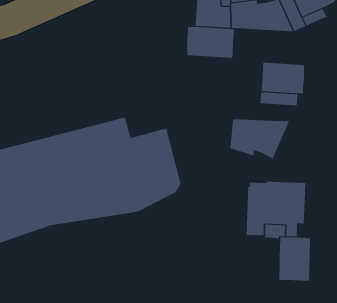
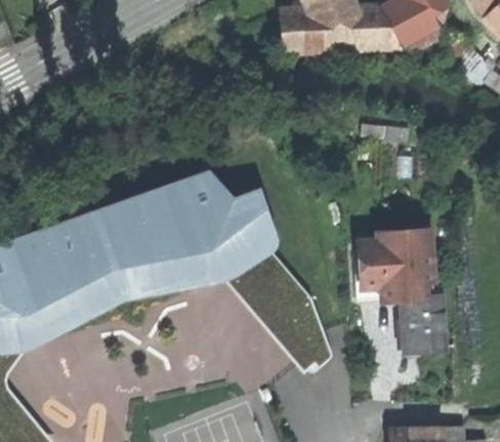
building: [187,26,234,59] -> none
building: [261,62,305,94] -> none
building: [230,119,290,159] -> none

